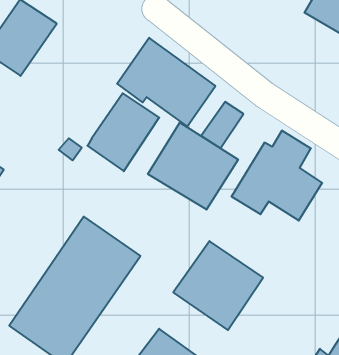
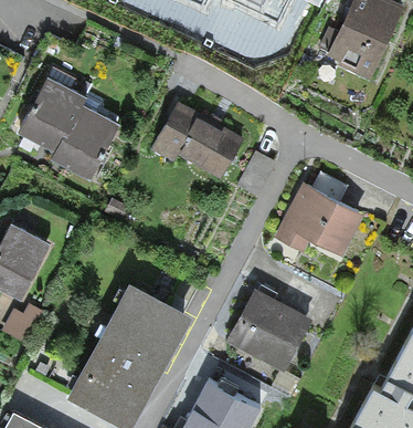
building: [87,93,159,171] -> [54,102,120,177]
building: [148,123,238,210] -> none

